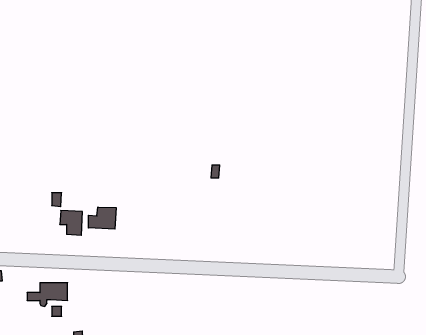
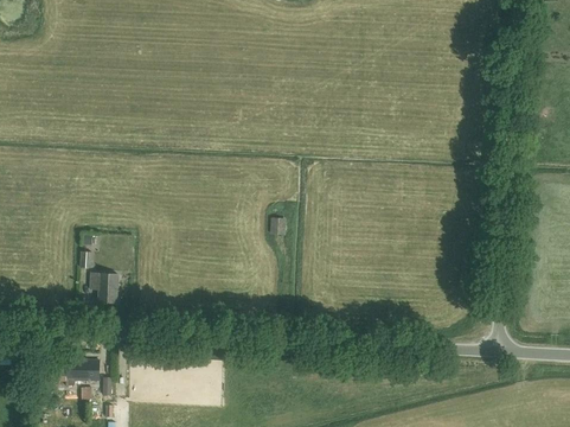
building: [88,207,116,229] -> none

